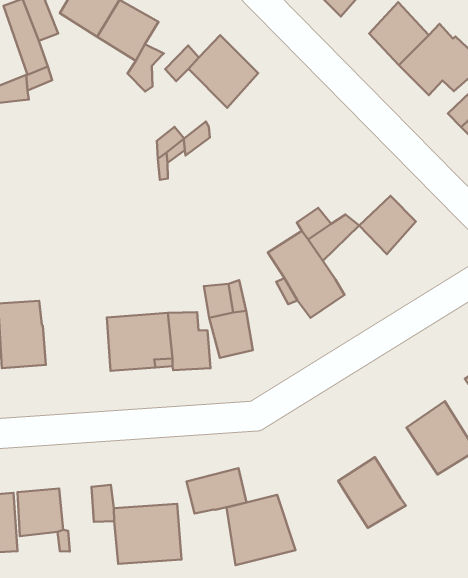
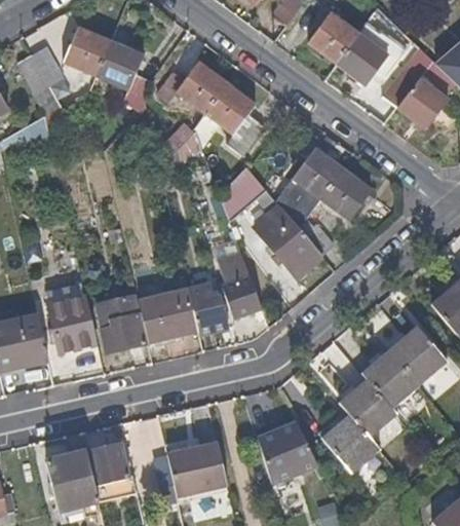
building: none -> [207,84,264,156]
building: none -> [299,145,349,194]
building: none -> [232,167,270,216]
building: none -> [93,295,143,351]
building: none -> [363,347,421,408]
building: [186,468,247,513] -> none
building: none -> [322,411,382,472]

